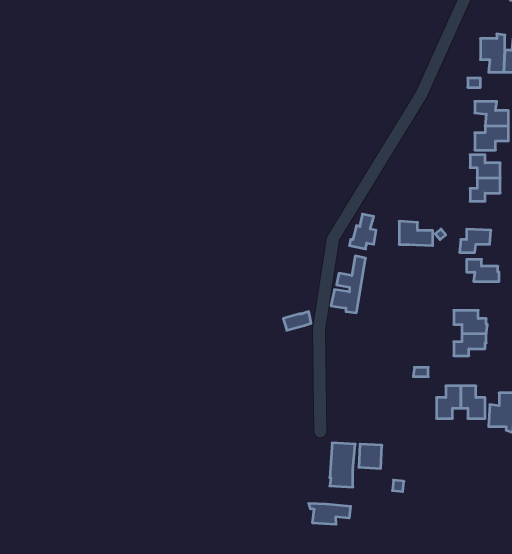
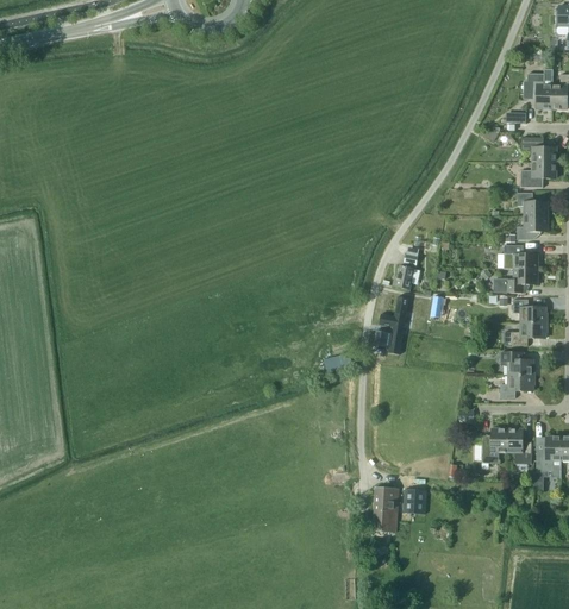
building: [399,221,433,246] -> [502,244,537,269]
building: none -> [504,321,545,344]
building: [309,503,351,524] -> none

